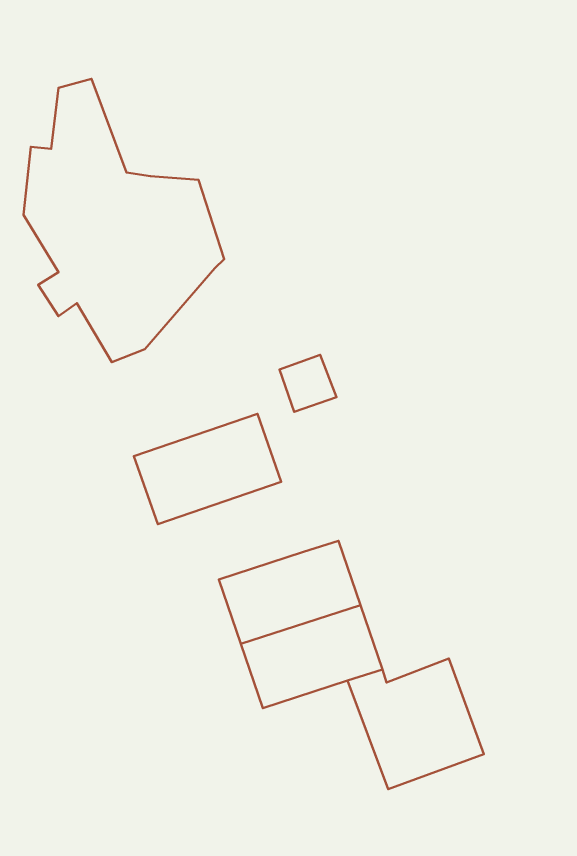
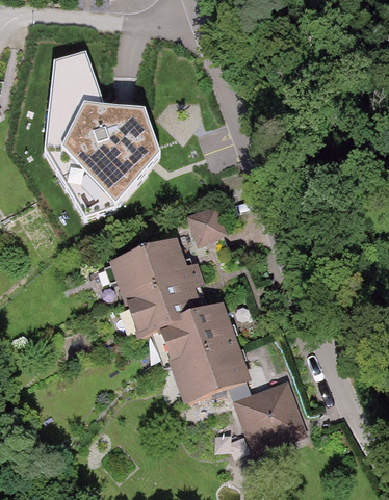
building: none -> [123,277,205,339]

